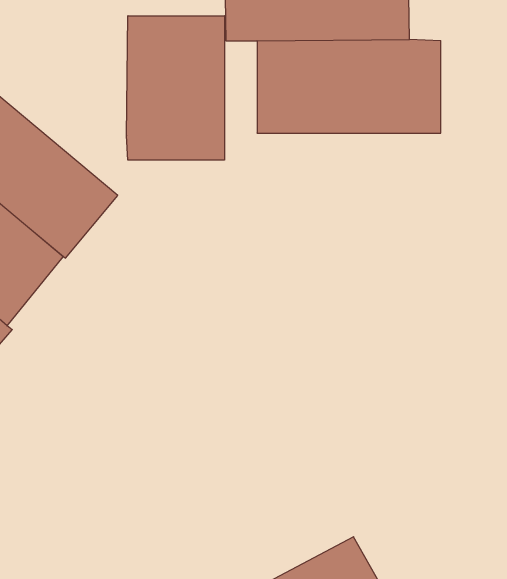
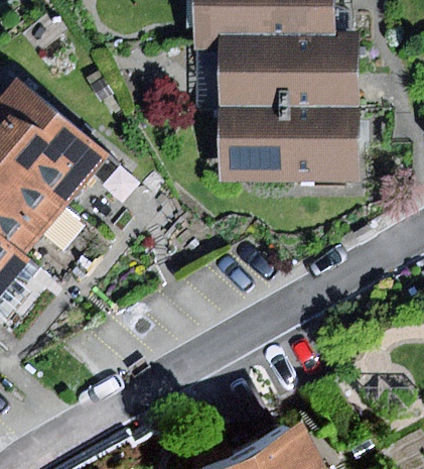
building: [127,16,224,160] -> none
building: none -> [217,109,359,183]

